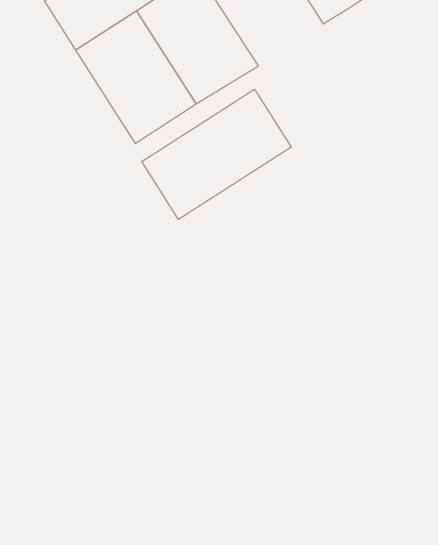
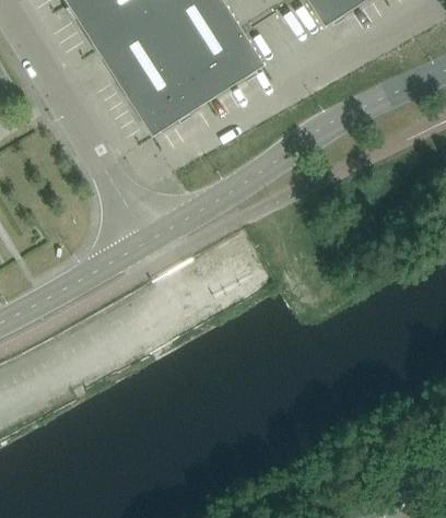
building: [142,89,291,219] -> none

